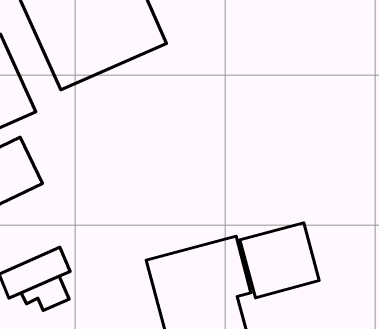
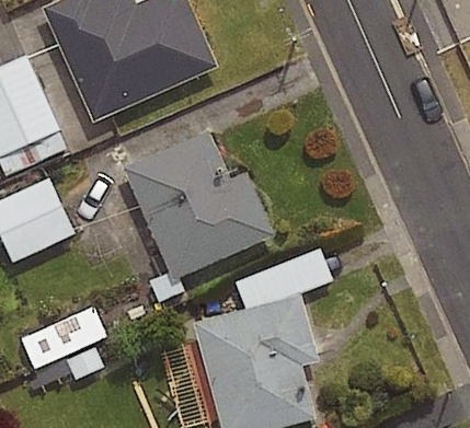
building: none -> [125,131,274,278]
building: [240,223,319,298] -> none

